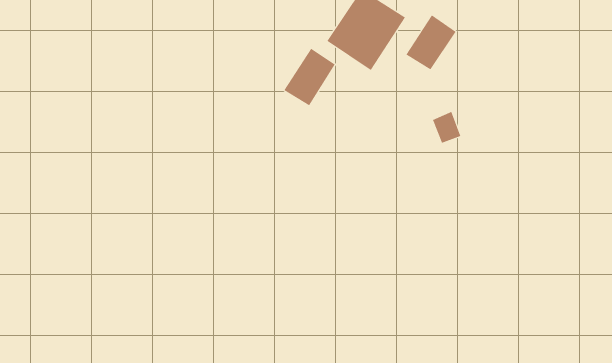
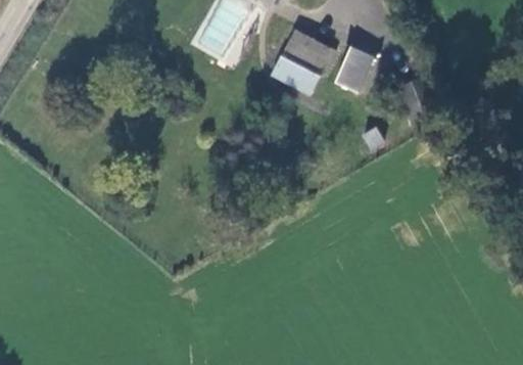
building: [283,48,336,106] -> none

